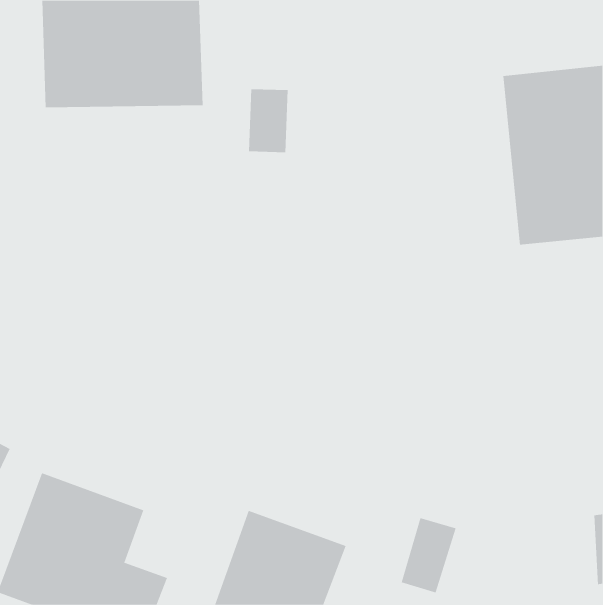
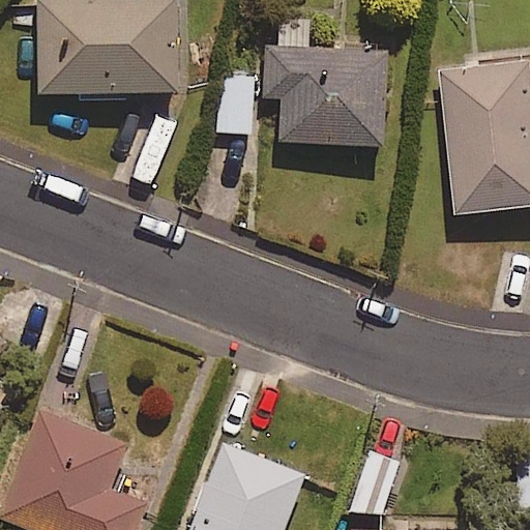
building: none -> [263,21,387,147]

